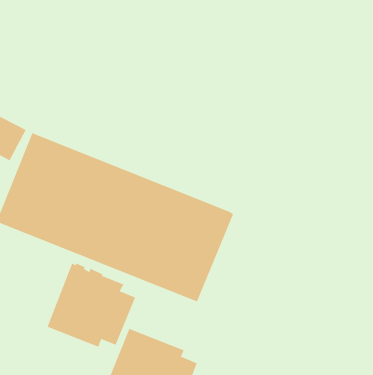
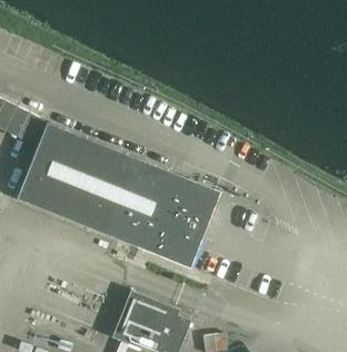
building: [47,262,136,348] -> none

